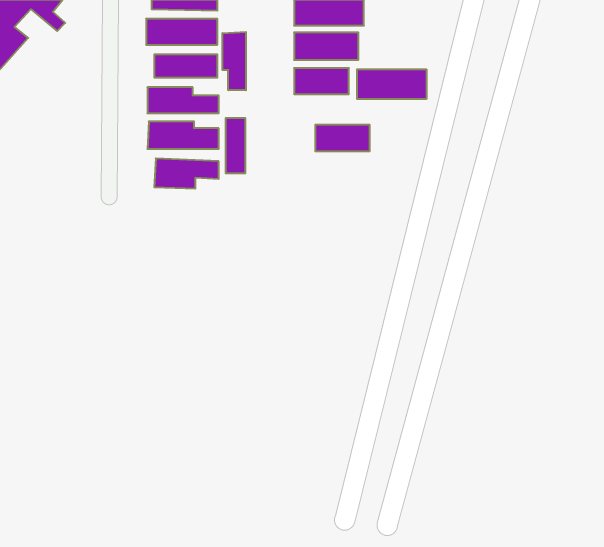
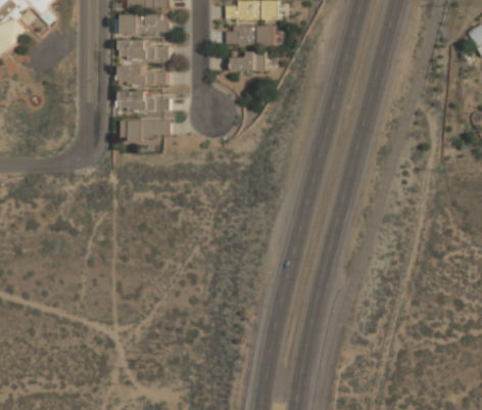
building: [222,32,246,90] -> none
building: [357,69,426,99] -> none
building: [226,118,245,173] -> none
building: [315,125,370,151] -> none

